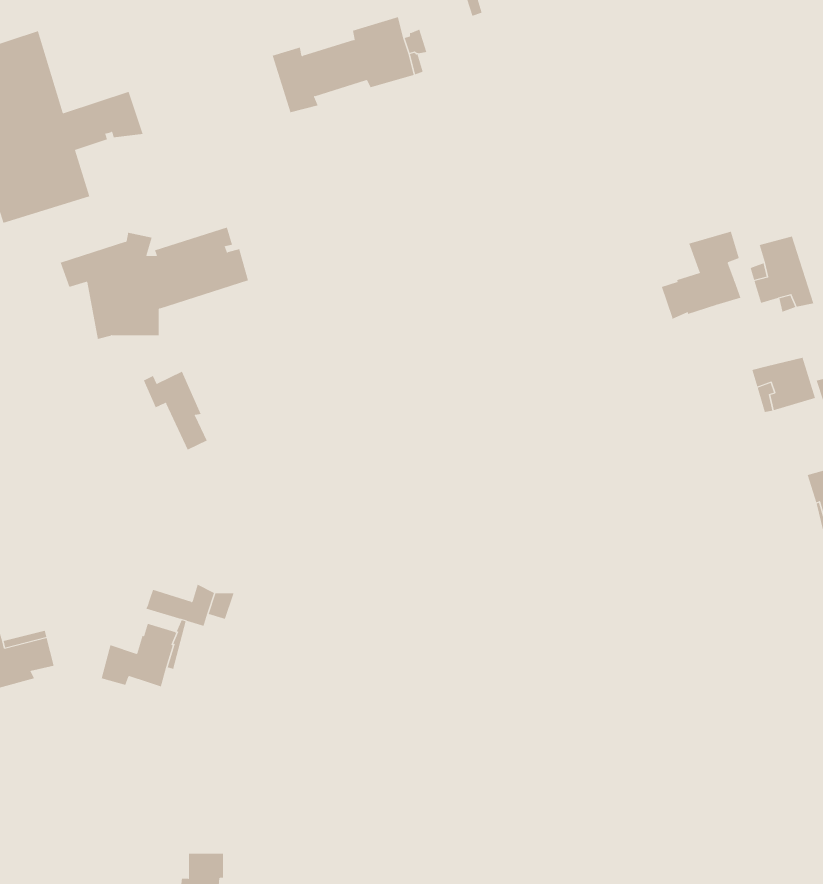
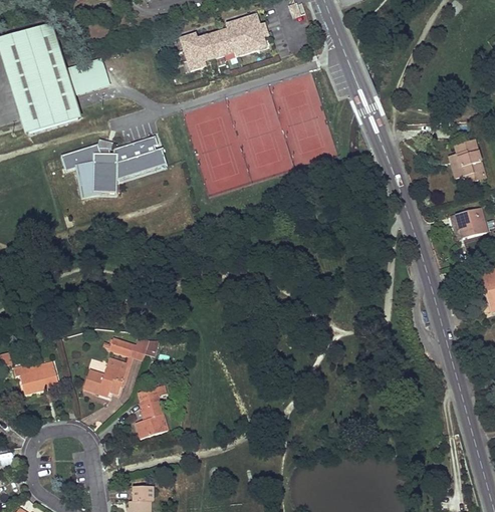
building: [661,231,741,320] -> none
building: [143,371,208,451] -> none
building: none -> [136,385,168,439]

